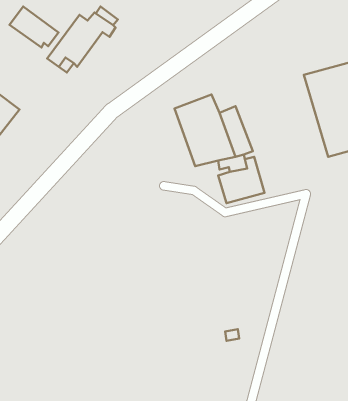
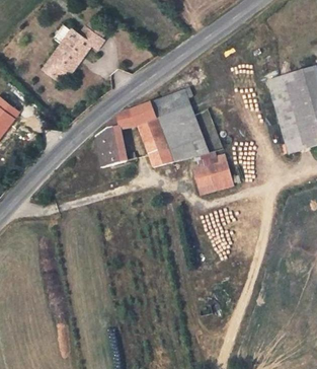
building: [10,6,58,47] -> none
building: none -> [95,88,192,166]

